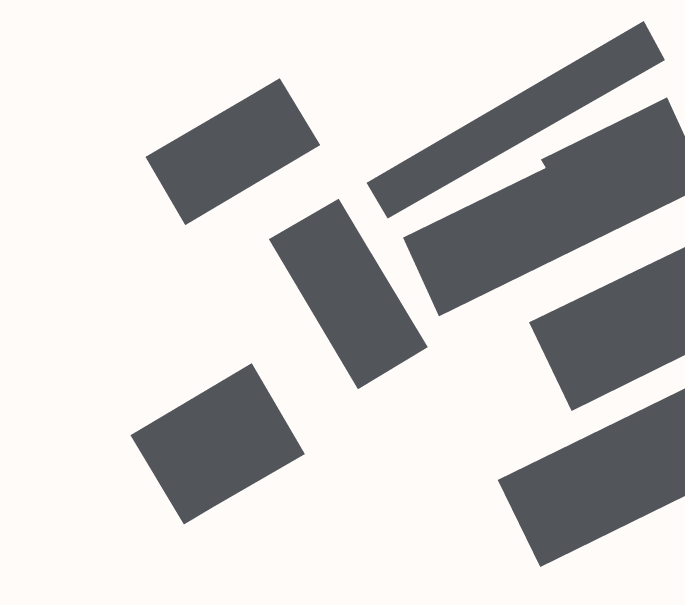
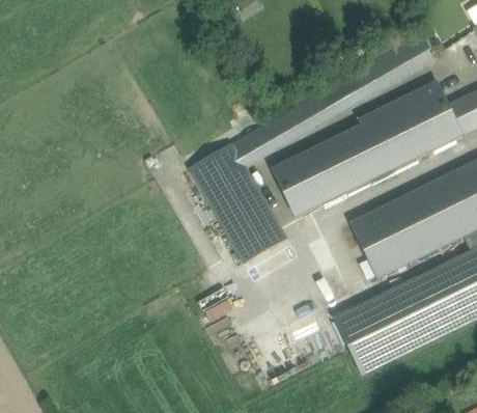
building: [145,77,321,226] -> none
building: [129,362,306,525] -> none

